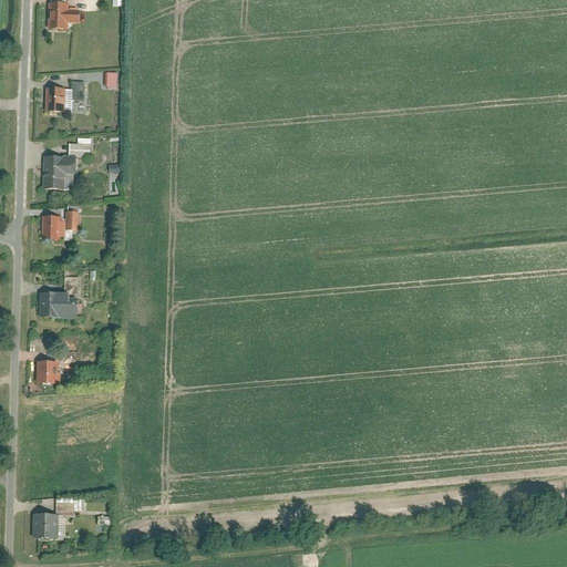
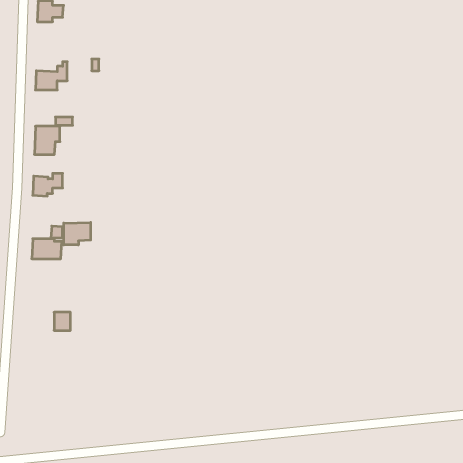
building: none -> [64,222,91,245]
building: [37,360,56,382] -> [54,312,70,330]
building: [33,512,56,537] -> none

